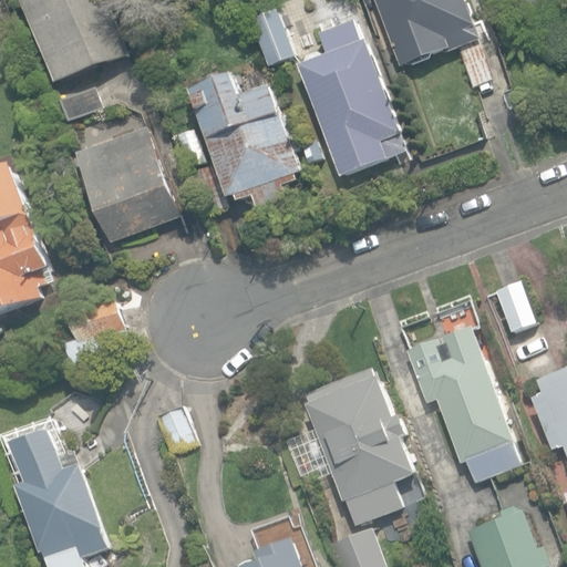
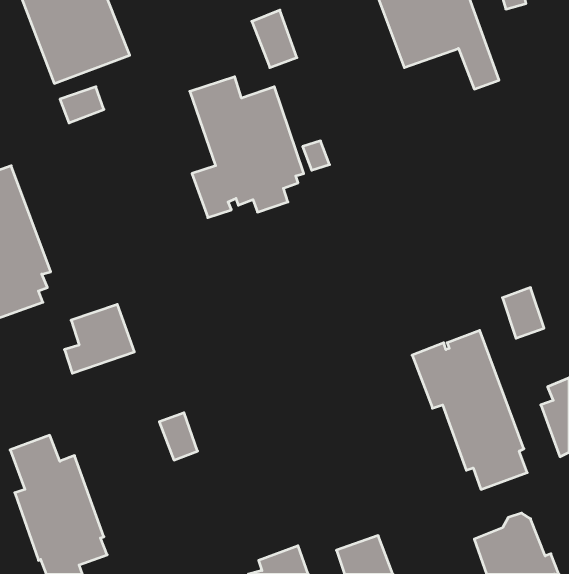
building: [297,22,408,176] -> none
building: [76,125,179,241] -> none
building: [282,371,413,525] -> none

